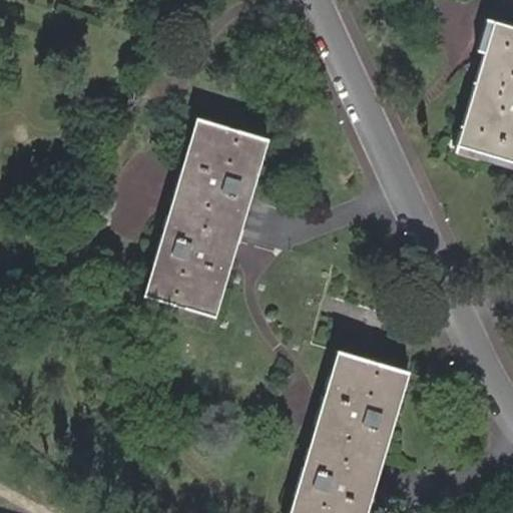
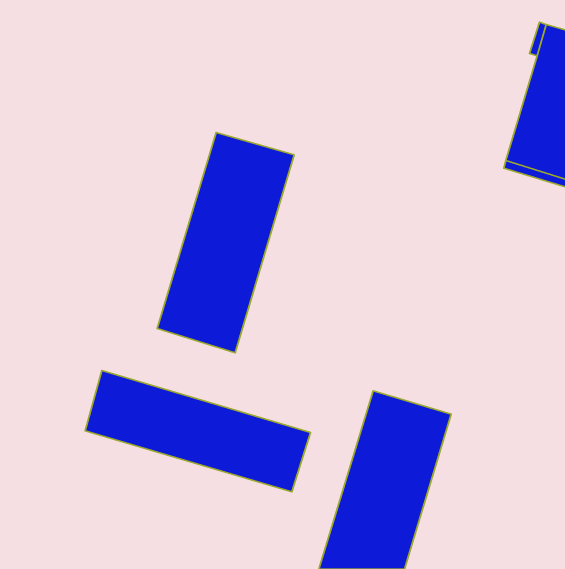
building: none -> [85,371,310,492]

